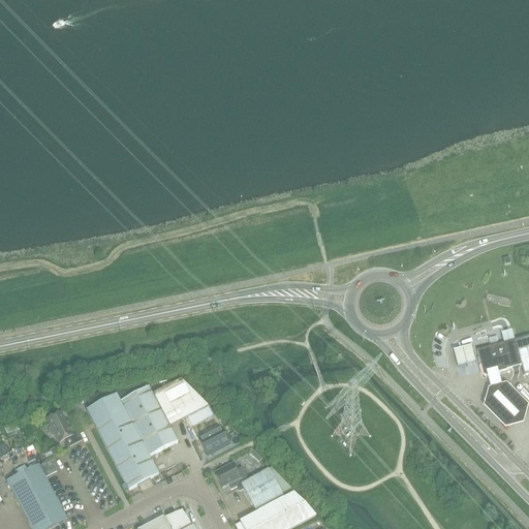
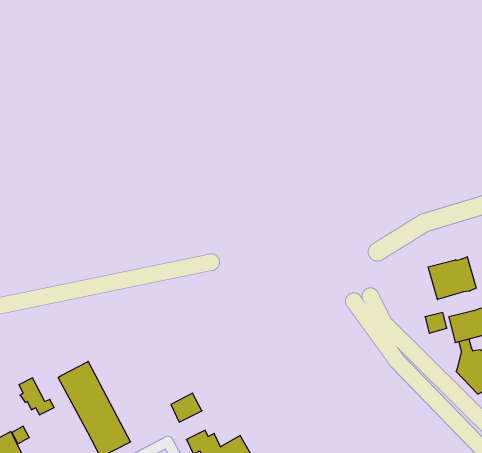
building: none -> [428,257,476,300]
building: [120,377,208,455] -> none

